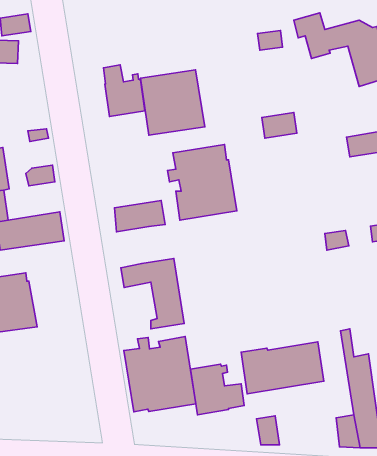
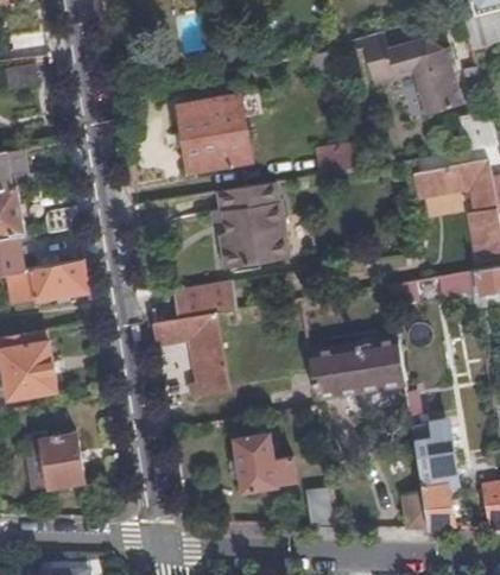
building: [104,65,145,117] -> none
building: [115,201,165,232] -> [176,283,234,318]
building: [124,336,196,412] -> none
building: [241,342,324,394] -> [309,339,404,398]
building: none -> [42,432,83,485]

